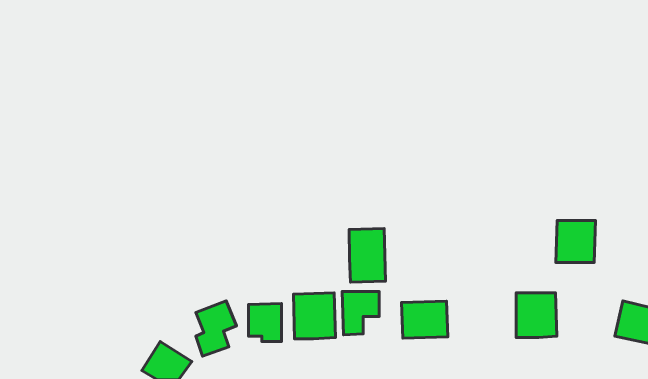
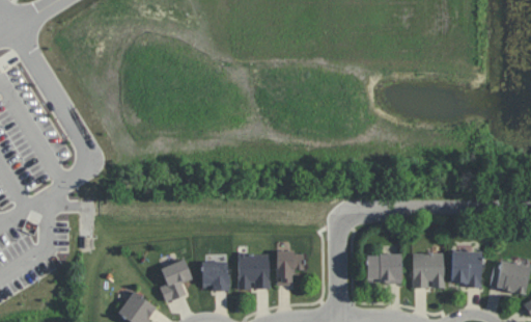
building: [556,220,595,263] -> [450,251,481,285]
building: [349,229,386,282] -> none
building: [402,301,448,338] -> [365,253,401,283]

